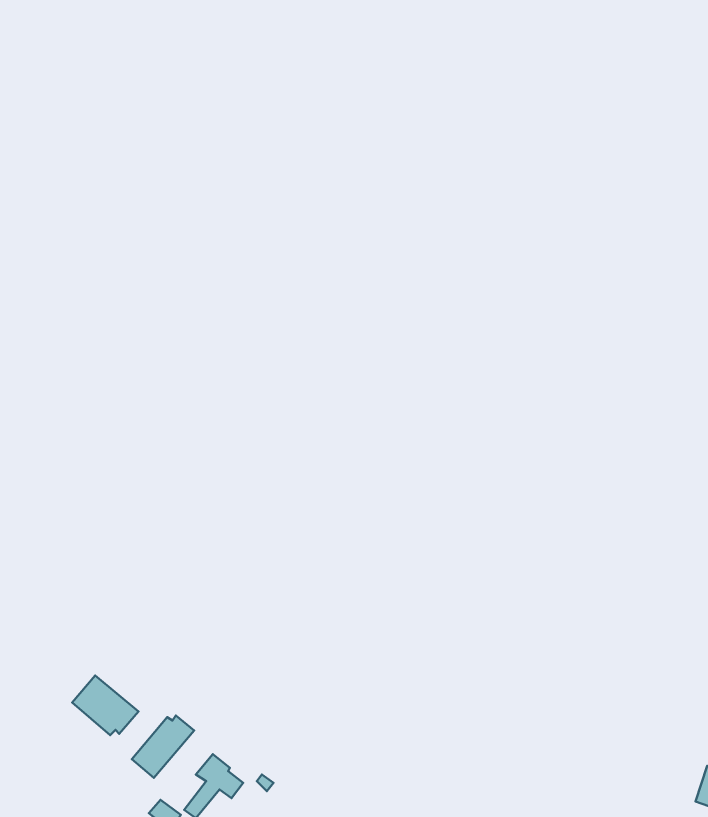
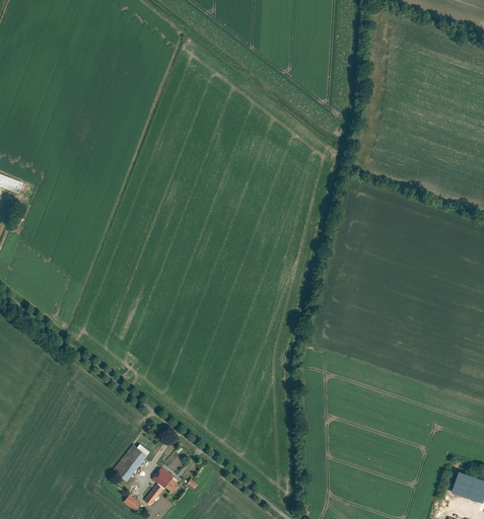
building: [72,676,139,735] -> none

